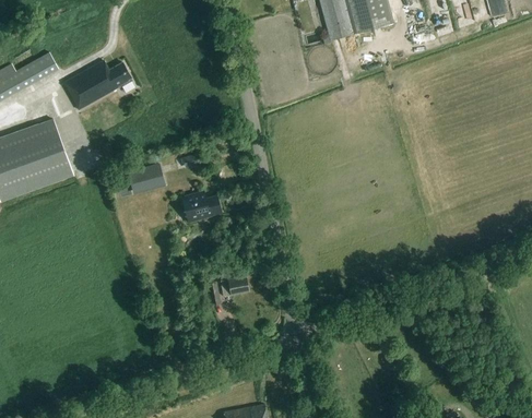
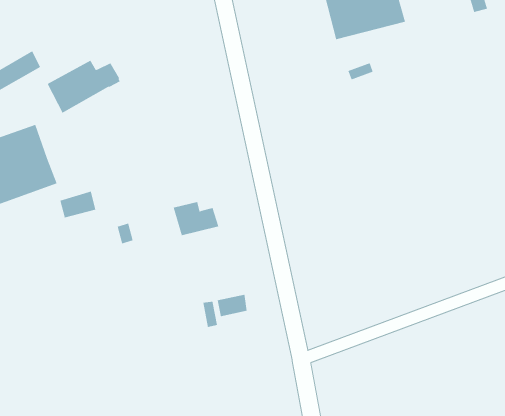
building: [130,165,164,190] -> [59,191,96,218]

